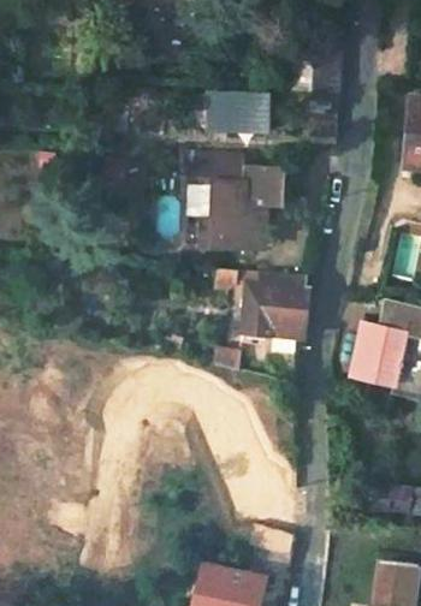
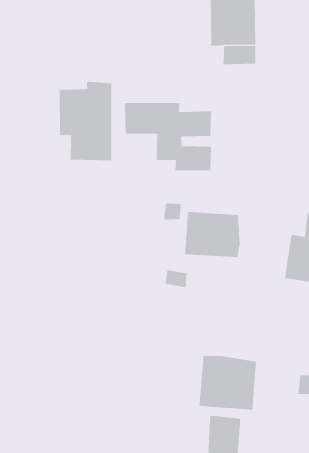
building: [208,88,263,129] -> none
building: none -> [59,81,112,161]
building: none -> [199,355,256,410]

